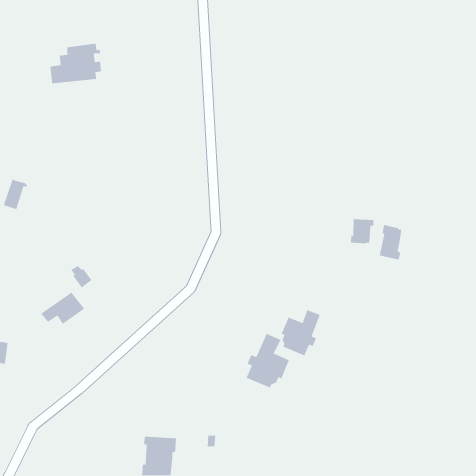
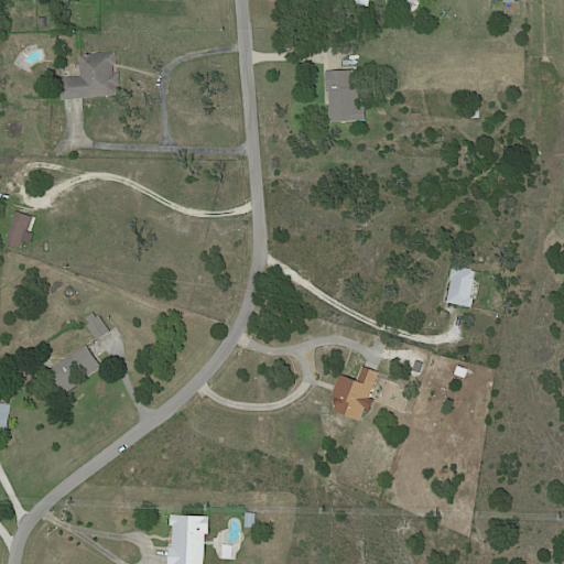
building: none -> [324,69,365,121]
building: [350,218,374,244] -> none
building: [246,333,290,388] -> none

